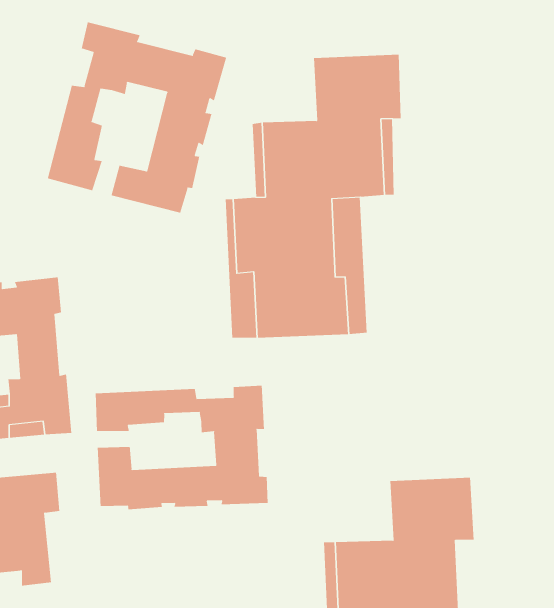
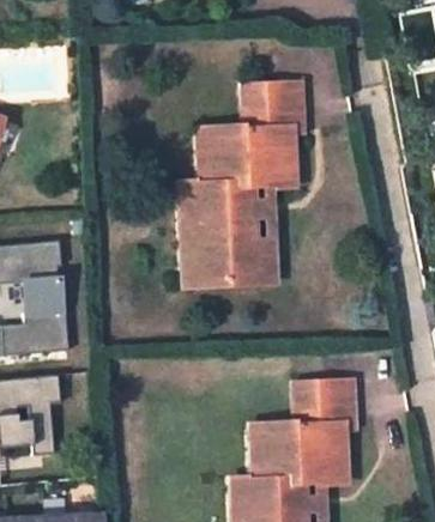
building: [47,21,227,214] -> none
building: [95,385,268,510] -> none

